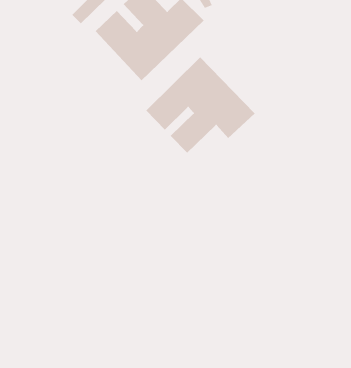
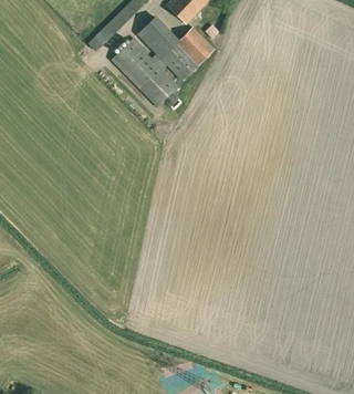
building: [145,56,255,153] -> none

